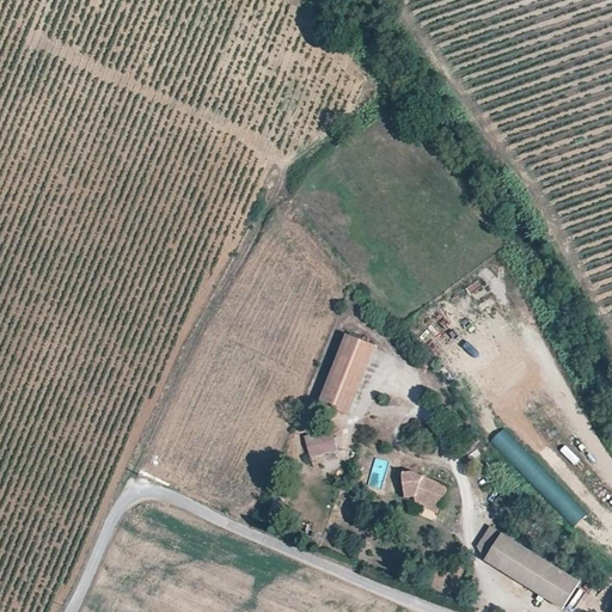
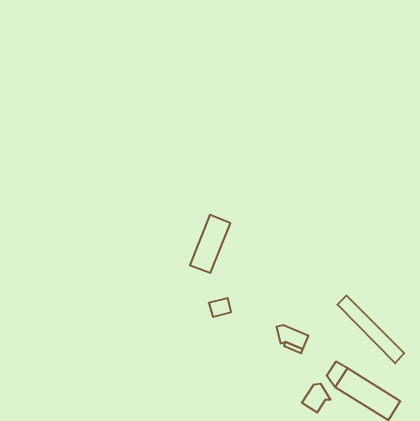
building: [317,332,375,416] -> [190,215,230,273]
building: none -> [302,384,331,413]

